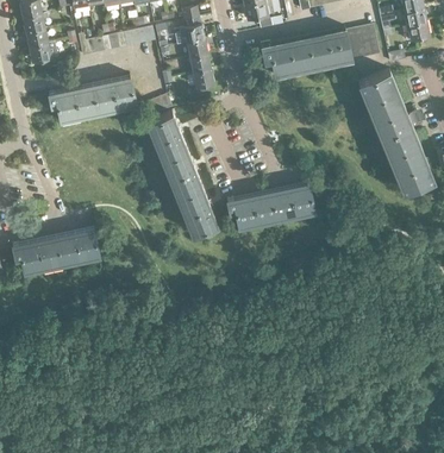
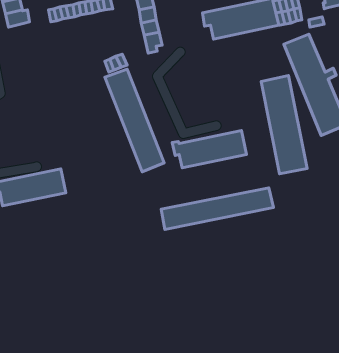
building: [46,76,136,122] -> none
building: none -> [261,75,307,174]
building: none -> [161,188,274,230]

